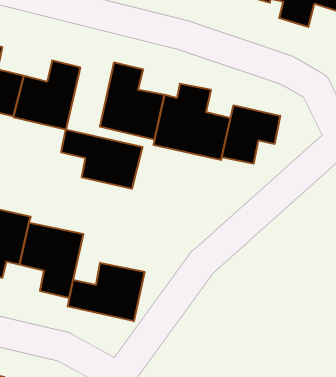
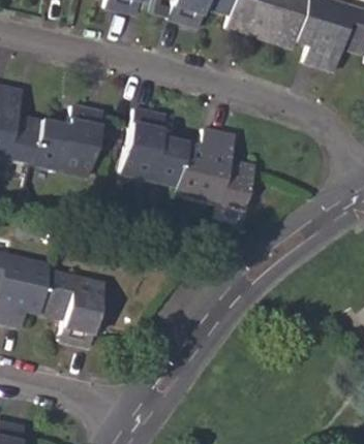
building: [222,105,280,164] -> none
building: [61,129,143,189] -> none
building: [68,263,145,321] -> none

